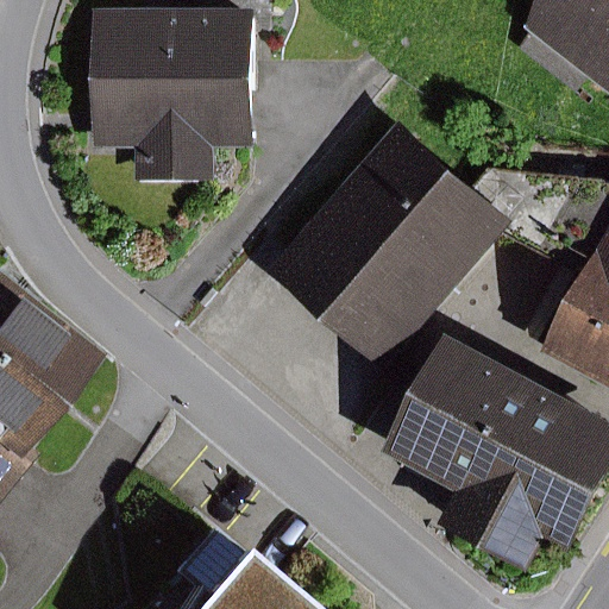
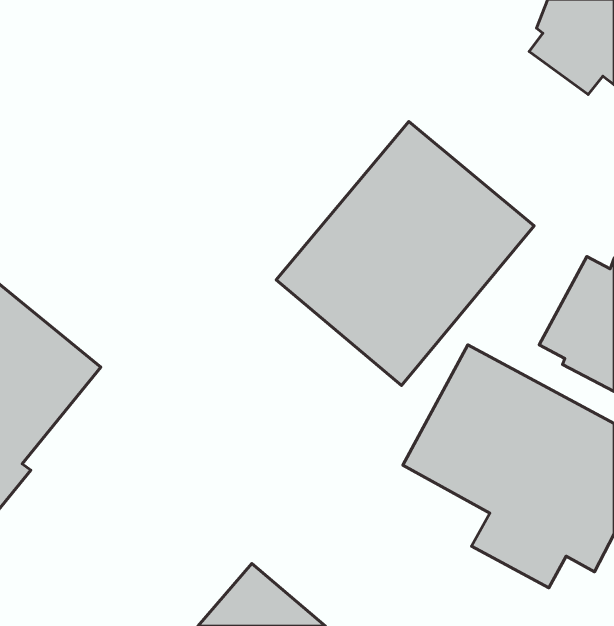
building: [88,11,256,182] -> none

